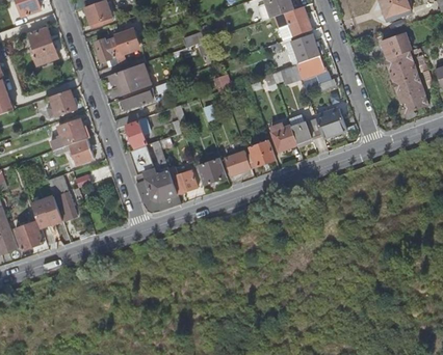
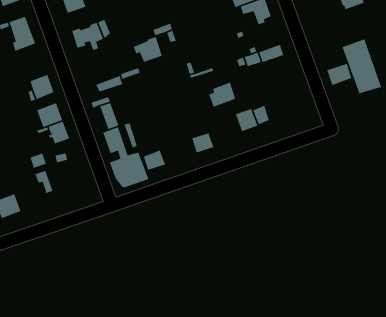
building: [382,33,410,58] -> [326,63,352,86]
building: [291,35,319,64] -> none
building: [109,66,141,95] -> [133,36,163,63]
building: [313,107,344,137] -> none
building: [243,140,273,168] -> [208,82,236,108]
building: [196,158,224,184] -> none
building: [31,196,61,225] -> none

